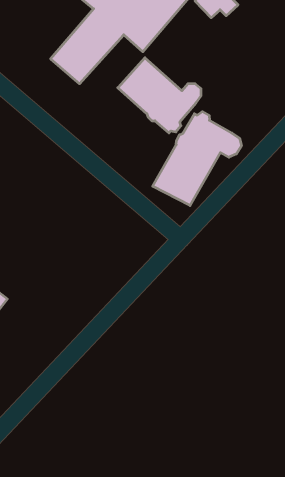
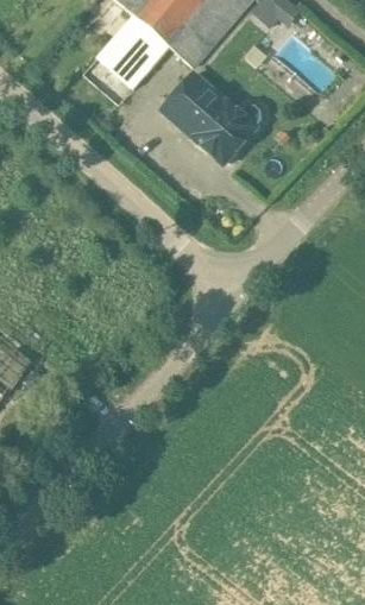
building: [153,112,241,206] -> none

